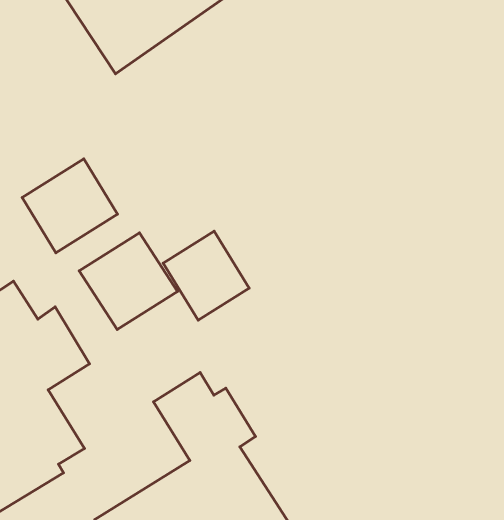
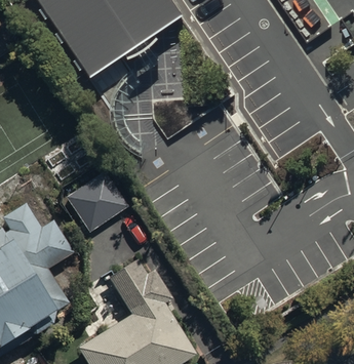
building: [22,159,117,253] -> none
building: [163,231,249,320] -> none

